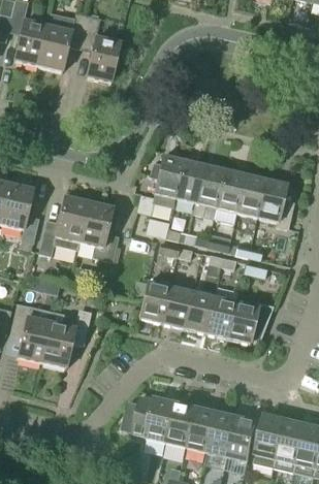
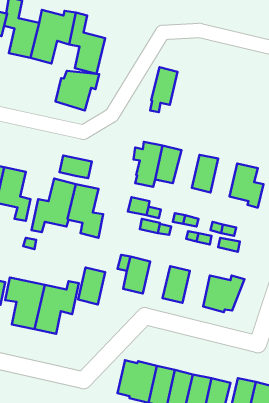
building: none -> [56,71,99,111]
building: [193,165,223,215] -> [150,67,178,112]
building: none -> [60,156,92,178]
building: [235,174,264,216] -> none
building: [161,287,191,327] -> [78,268,105,304]
building: [204,297,234,336] -> none

